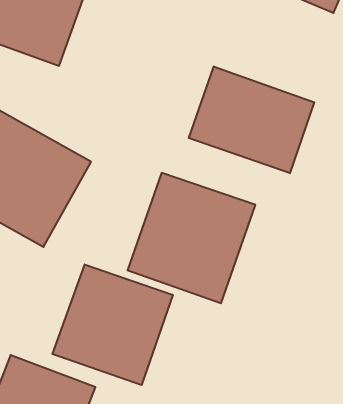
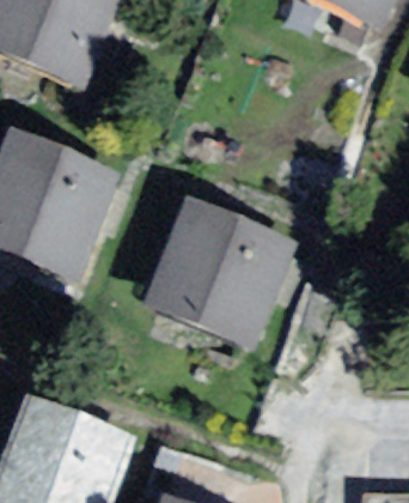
building: [189,66,314,173] -> none
building: [52,264,173,385] -> none

